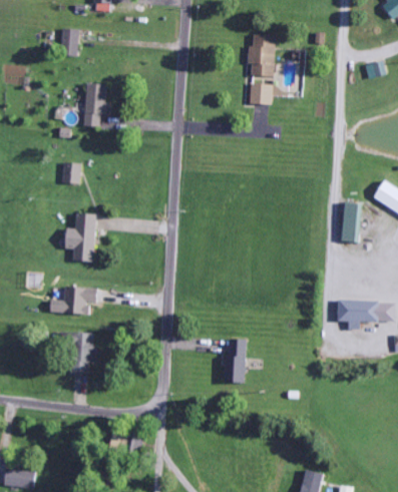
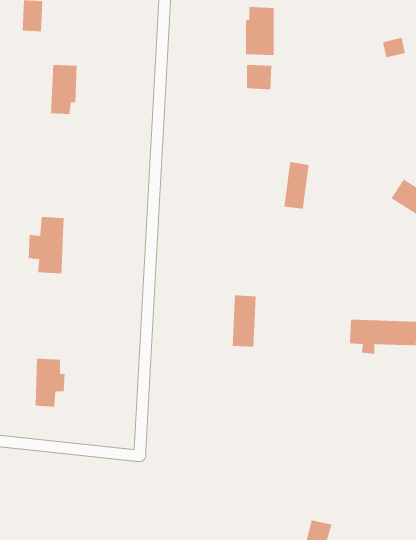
building: [63,162,81,183] -> none
building: [341,201,363,242] -> [284,161,310,209]
building: [51,287,98,315] -> none
building: [226,339,247,384] -> [232,294,257,348]

